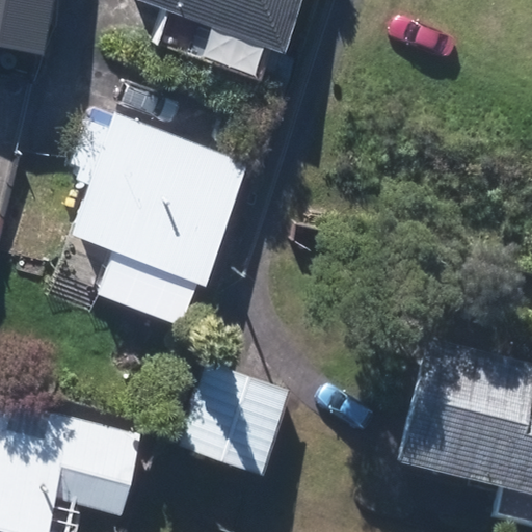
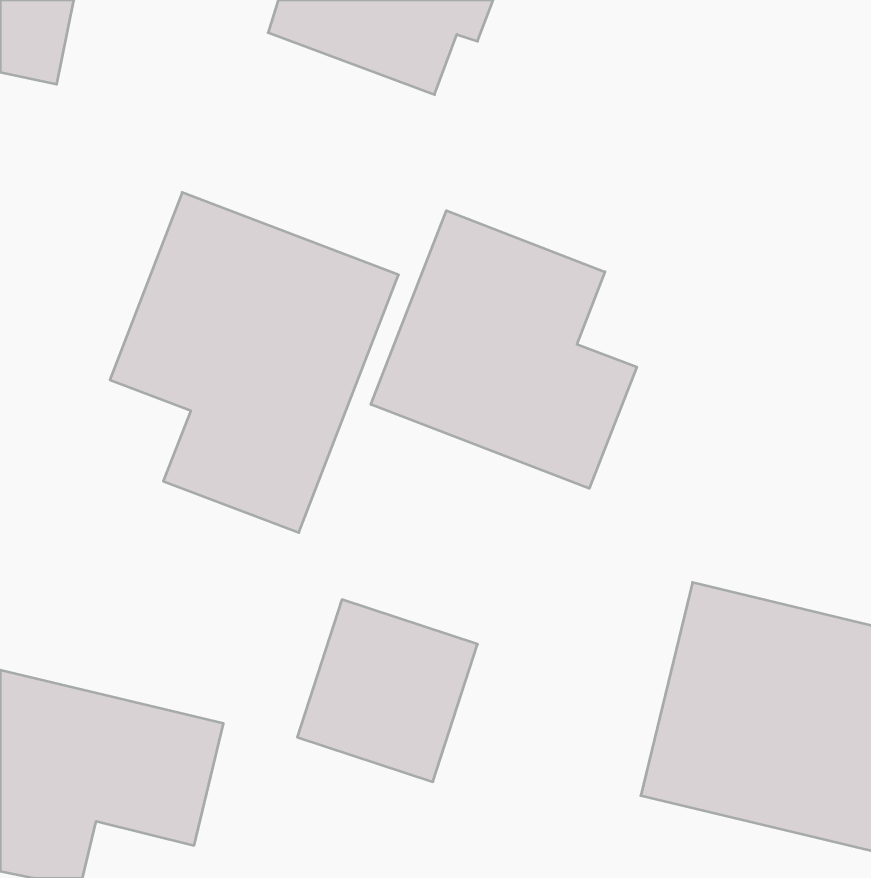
building: none -> [371,211,637,488]

